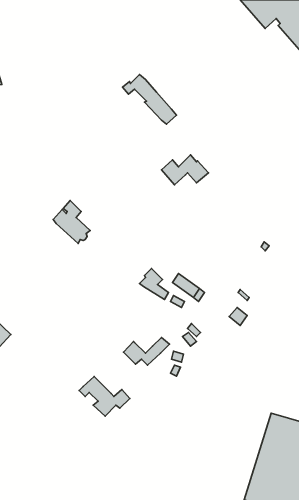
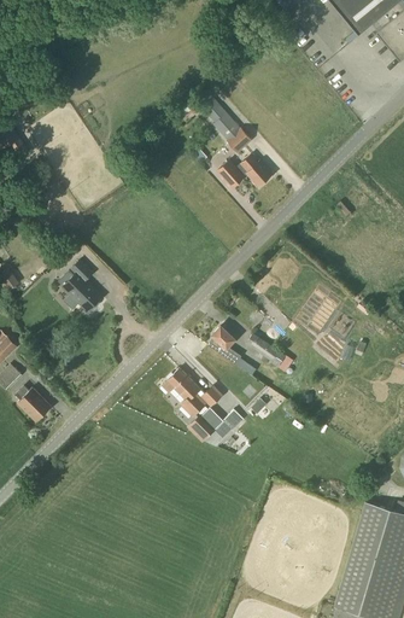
building: [162,155,208,185] -> [217,152,274,188]
building: [53,201,90,243] -> [59,260,104,311]
building: [79,376,130,416] -> [163,368,224,416]

